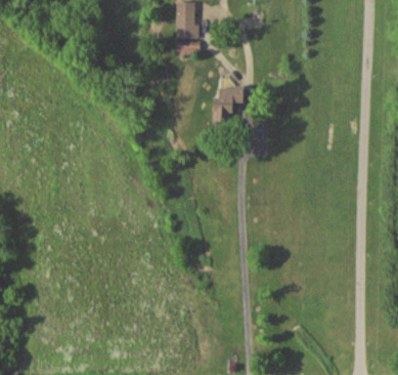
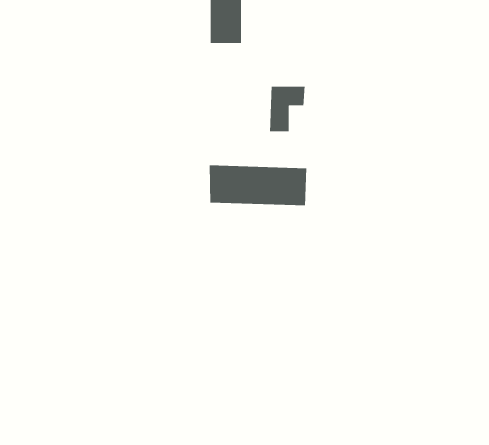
building: none -> [209,165,307,206]

